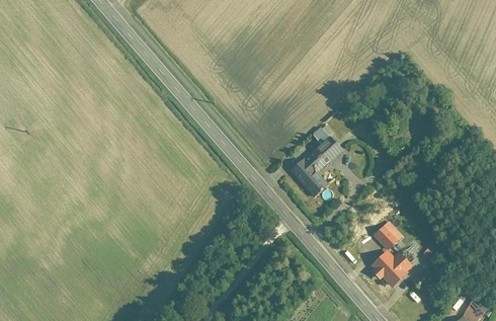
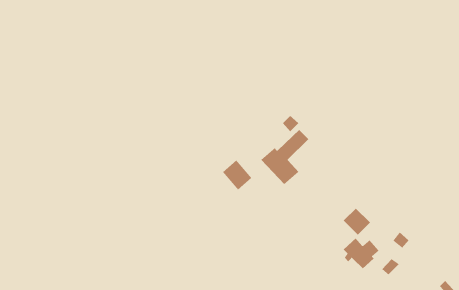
building: none -> [222,160,252,190]

